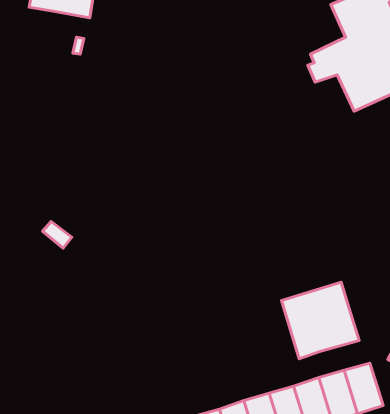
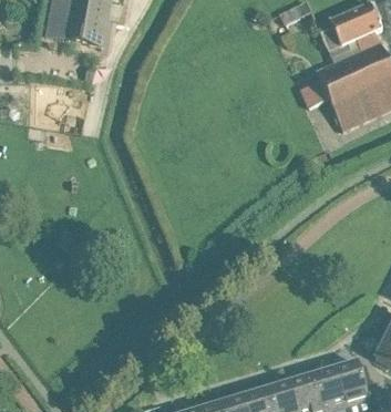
building: [281,282,359,359] -> none

